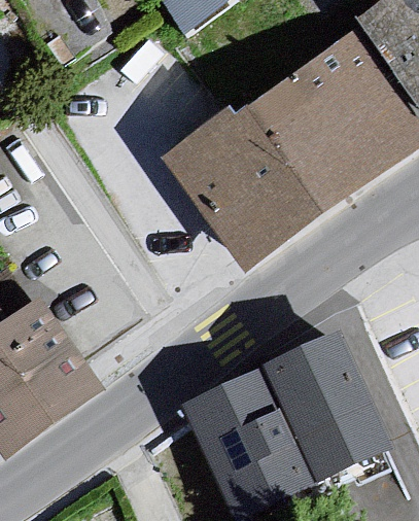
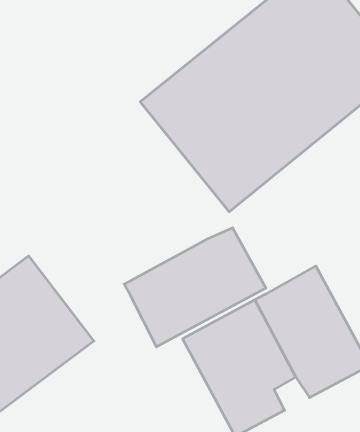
building: none -> [124,228,266,347]

